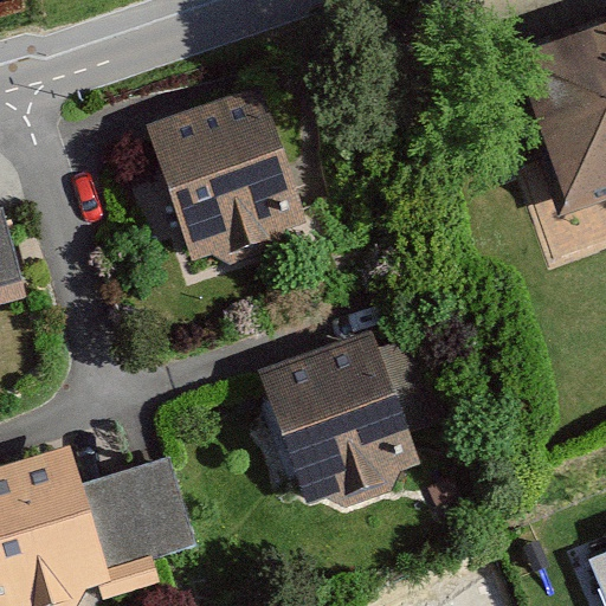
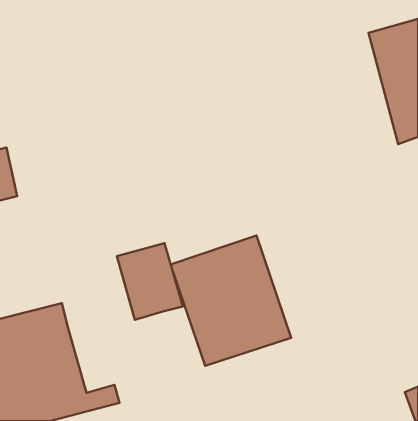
building: [157,96,314,254] -> none
building: [98,454,193,565] -> [117,243,183,320]

